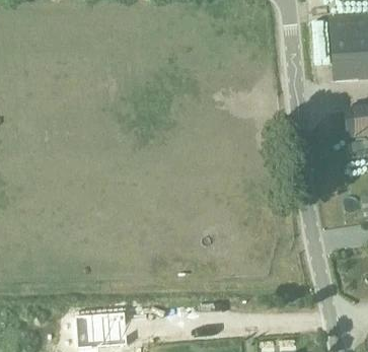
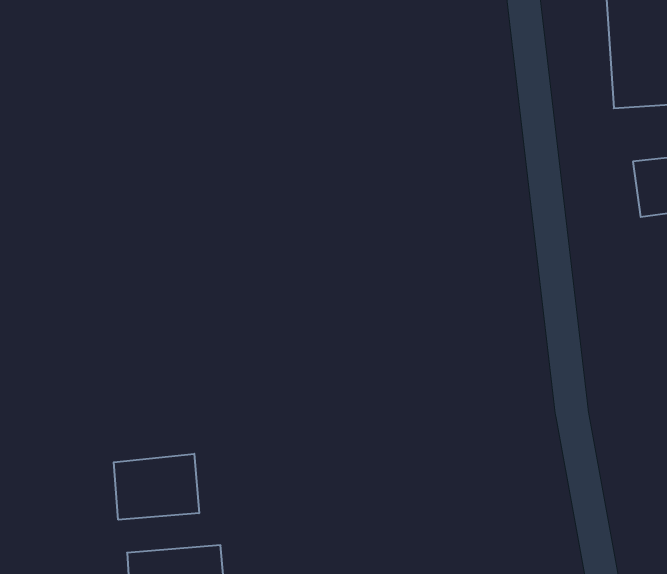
building: none -> [114,454,199,520]

